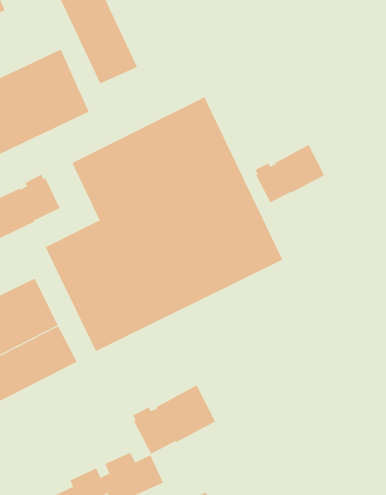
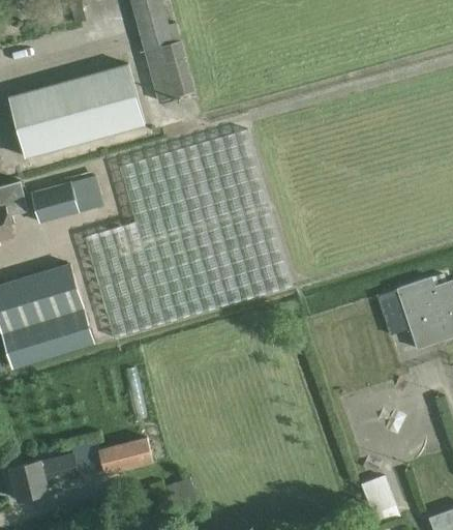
building: [255,144,325,203] -> none
building: [132,384,216,455] -> none

